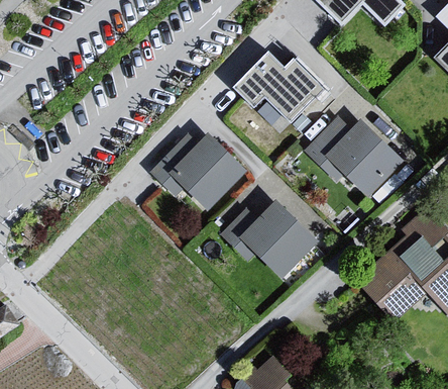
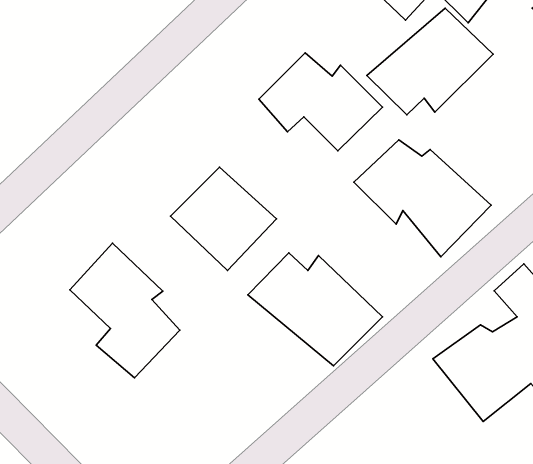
building: none -> [367,8,493,115]
building: none -> [70,243,180,378]

